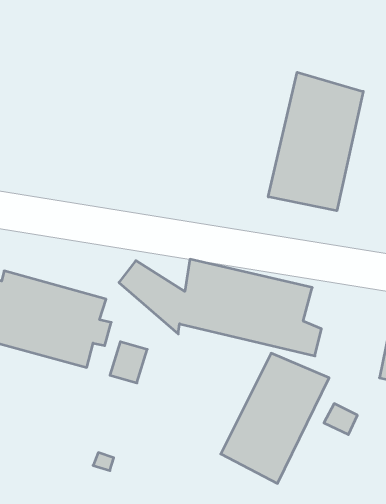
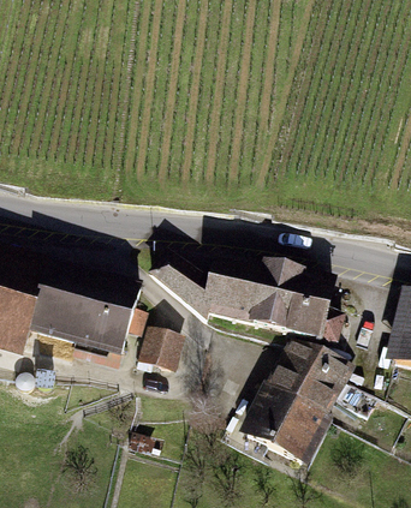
building: [268,72,363,211] -> none

